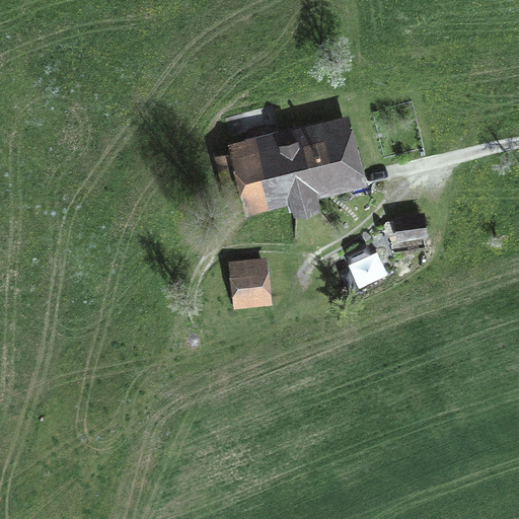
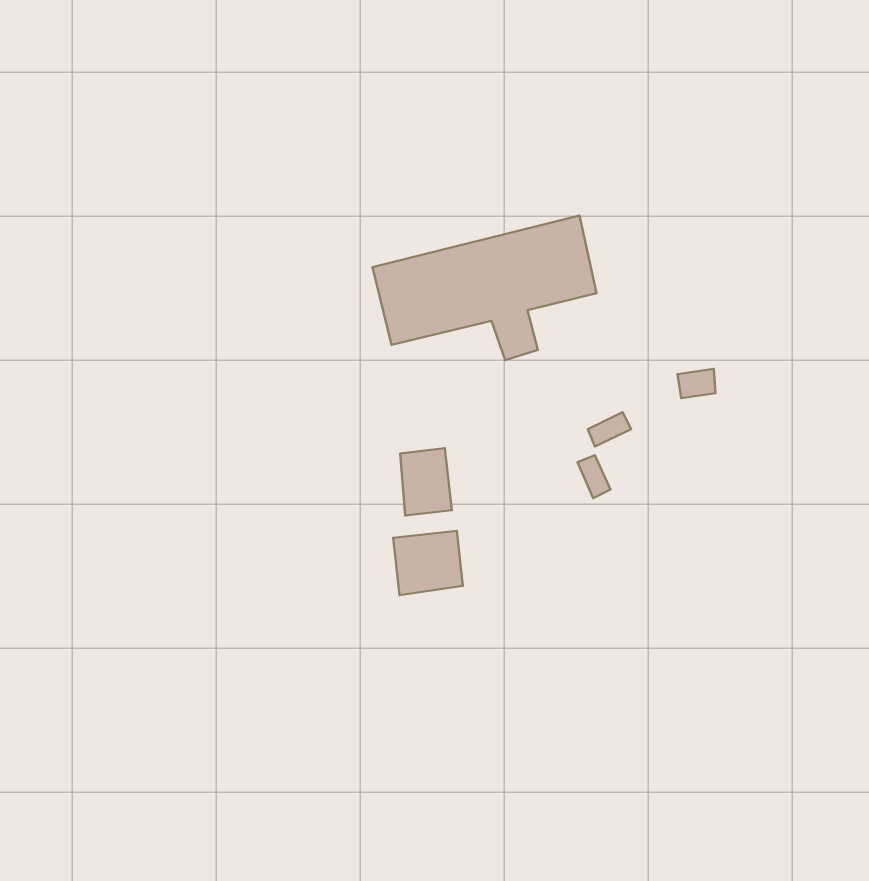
building: none -> [393,531,463,595]

